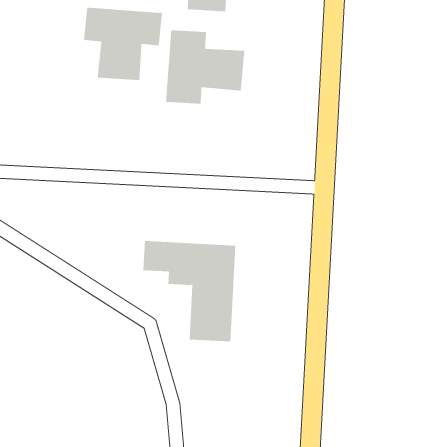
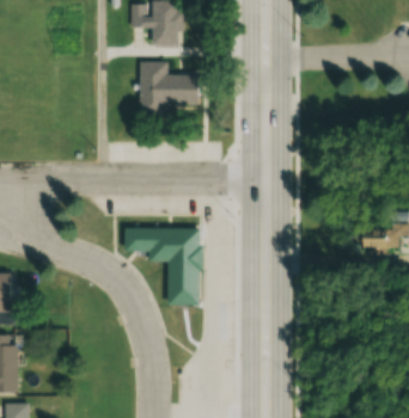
building: [83,7,163,81] -> none

